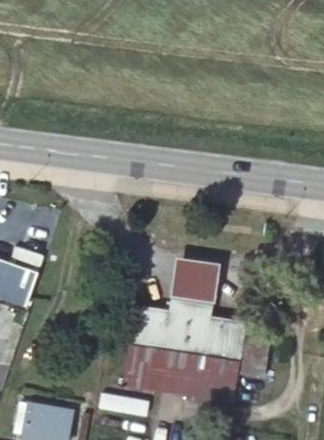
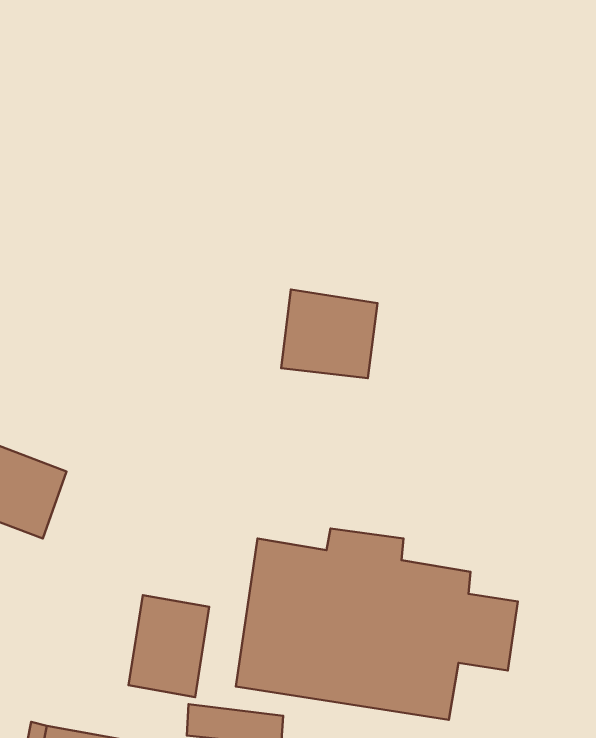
building: [172,258,221,303] -> [281,289,378,378]
building: none -> [129,595,209,697]

